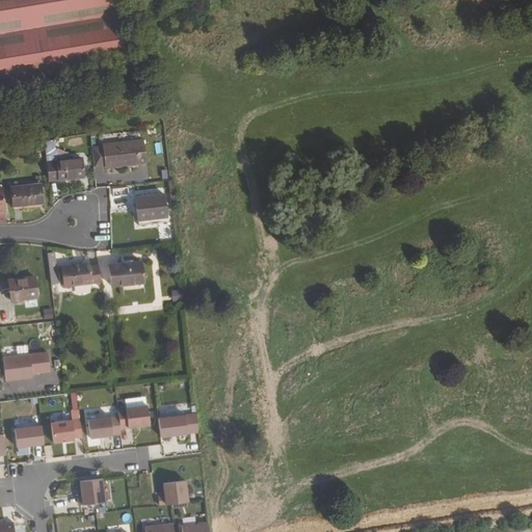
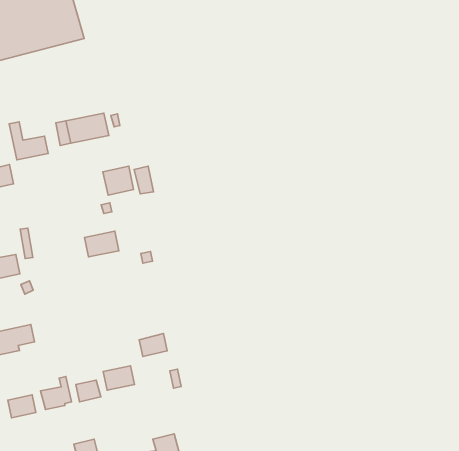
building: none -> [134,166,154,194]
building: [61,261,101,284] -> none
building: [157,414,185,435] -> [139,333,167,356]

